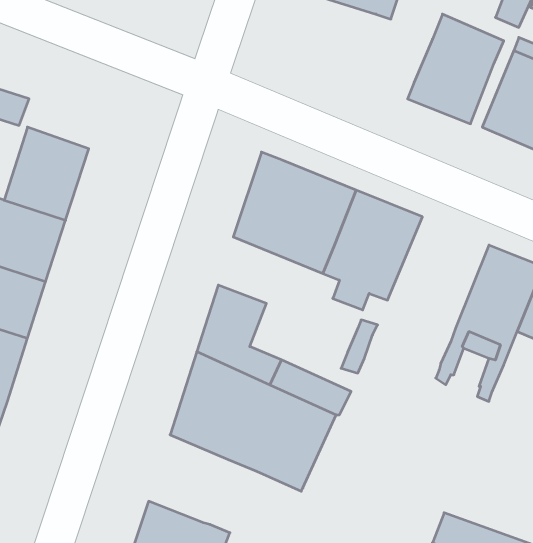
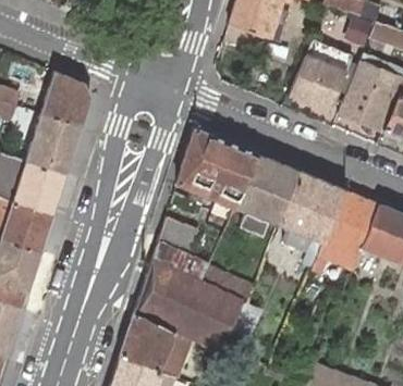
building: none -> [40,72,89,127]
building: none -> [277,172,343,267]
building: none -> [120,314,191,378]

